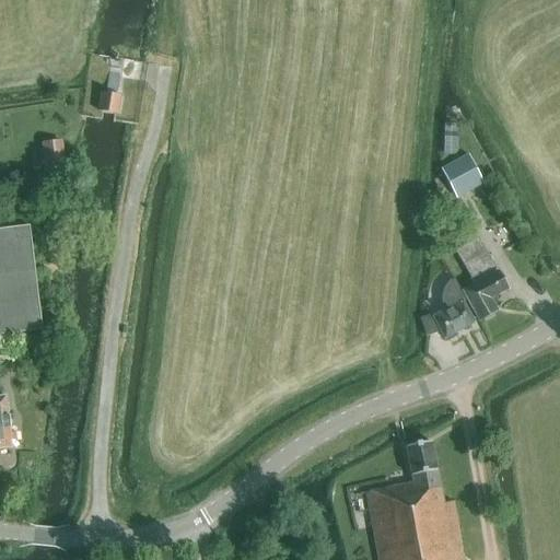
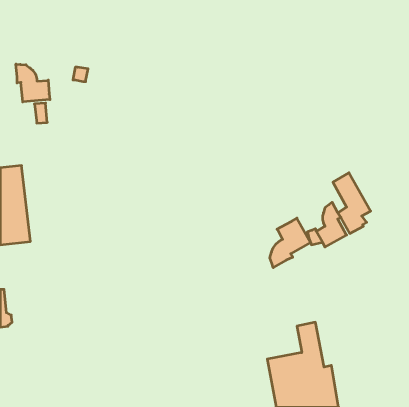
building: none -> [16,64,50,102]
building: [441,153,483,198] -> none
building: none -> [270,218,311,268]

